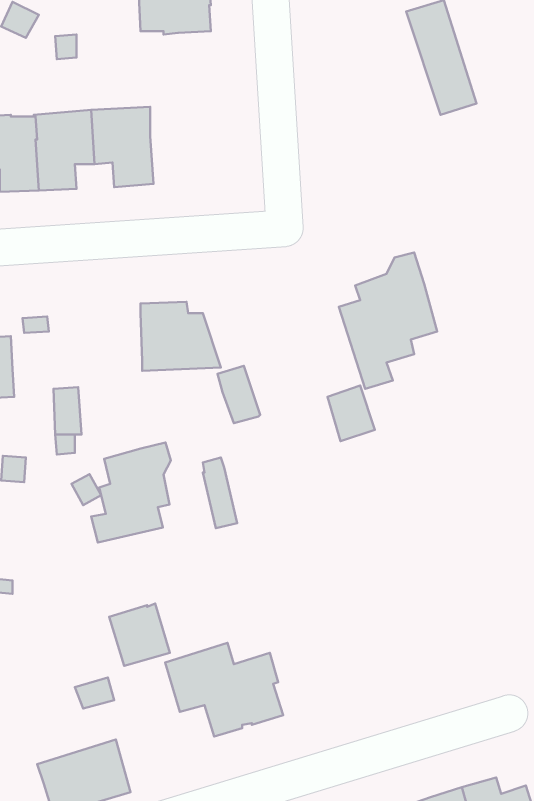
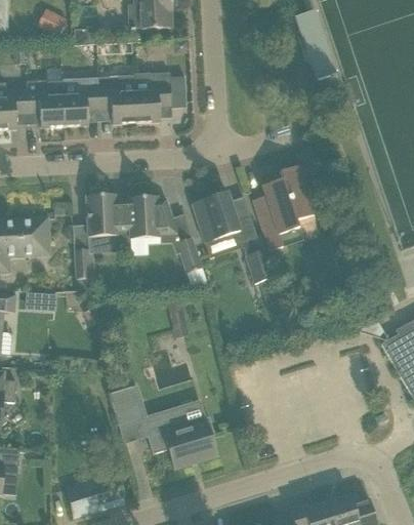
building: none -> [133,71,185,122]
building: none -> [86,194,129,237]
building: none -> [192,194,256,243]
building: [91,442,171,543] -> none

